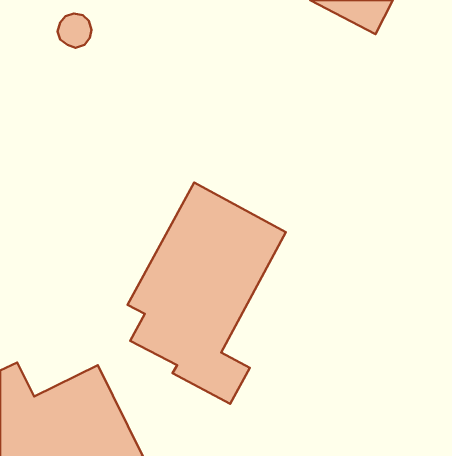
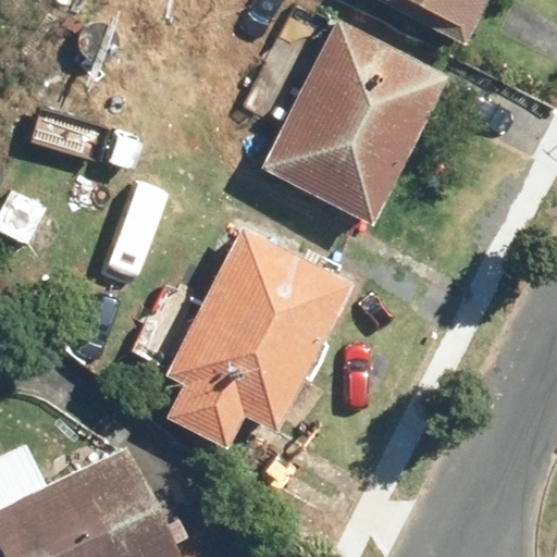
building: none -> [260,21,448,226]

